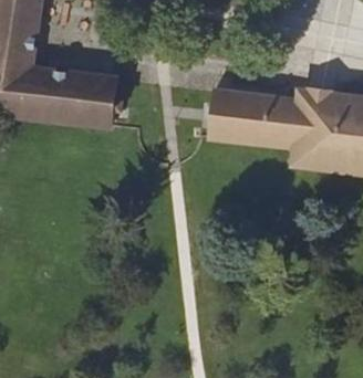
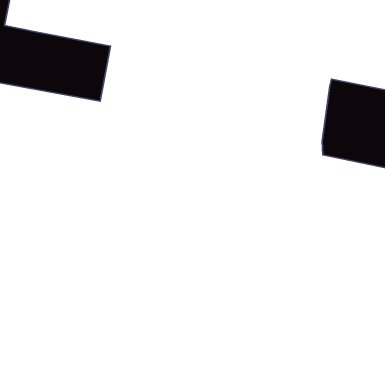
building: [207,91,297,146] -> none

